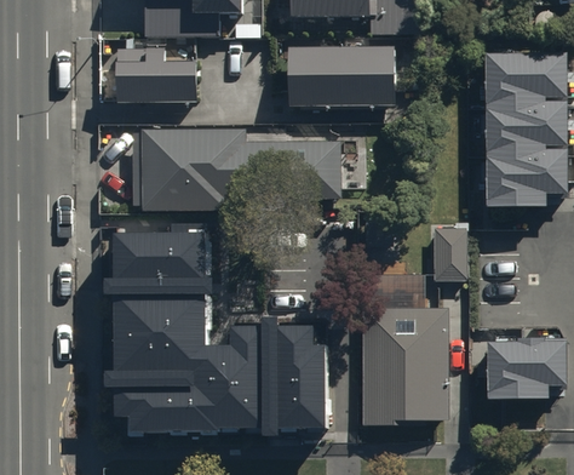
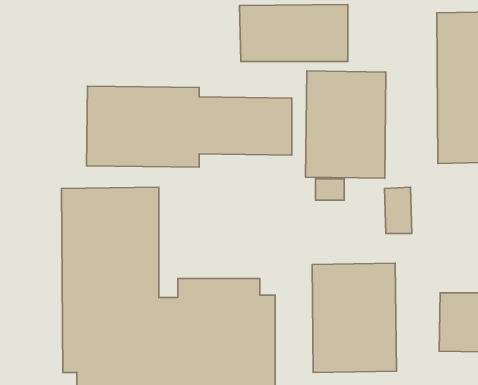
building: [116,47,200,102] -> none
building: none -> [306,71,386,178]

